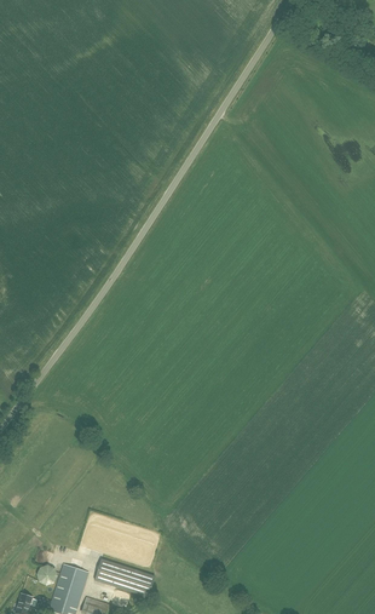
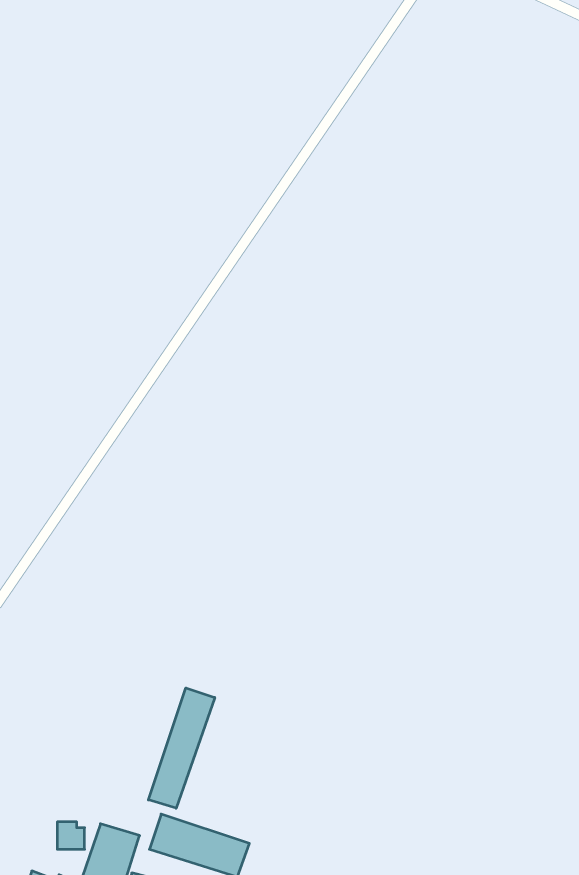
building: none -> [148,688,215,808]

